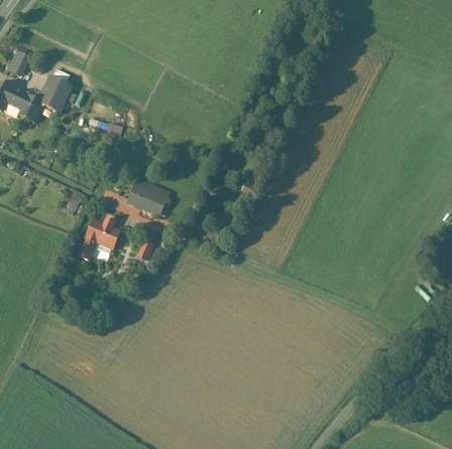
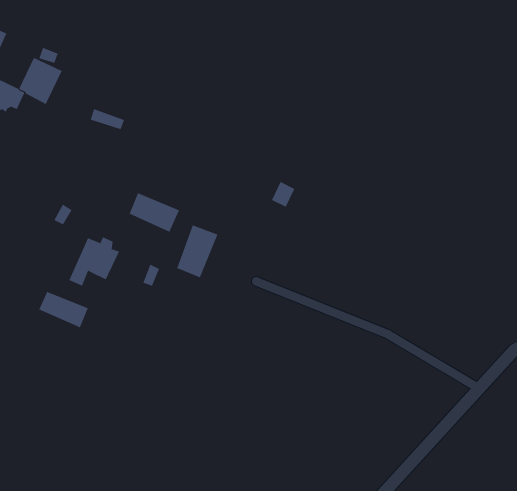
building: none -> [176,225,218,278]
building: none -> [39,291,88,328]

